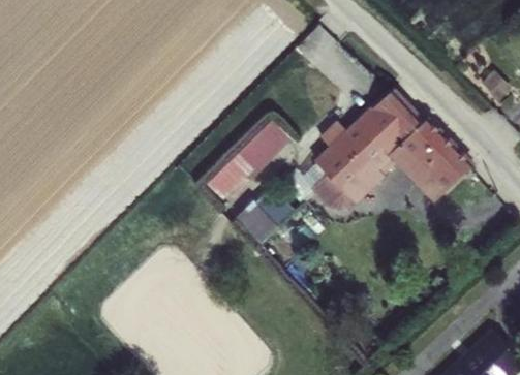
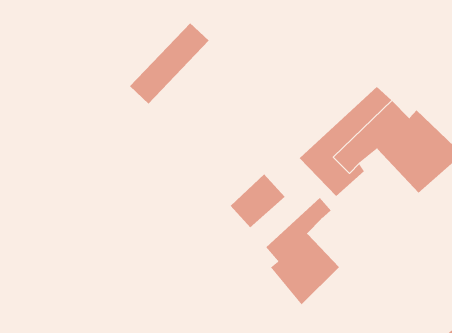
building: [208,119,289,202] -> [129,22,209,105]
building: none -> [265,197,340,305]

